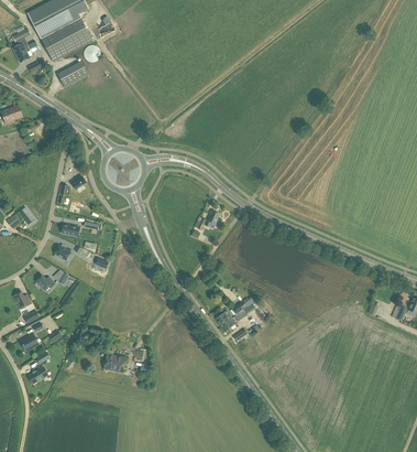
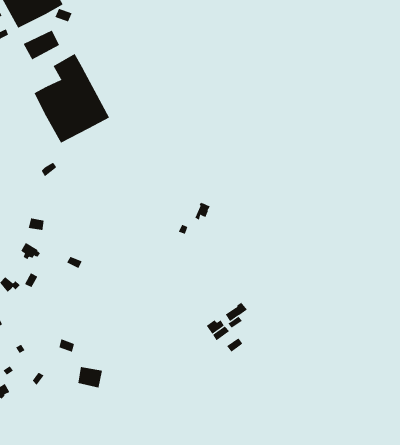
building: none -> [34,53,110,144]

